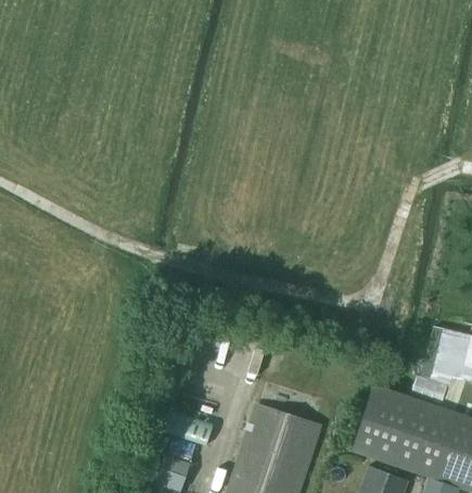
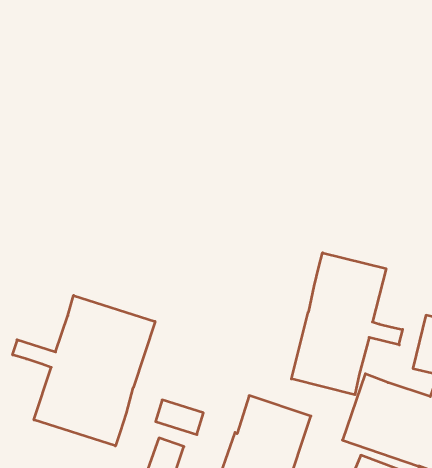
building: none -> [291,253,403,395]
building: none -> [13,295,155,446]

